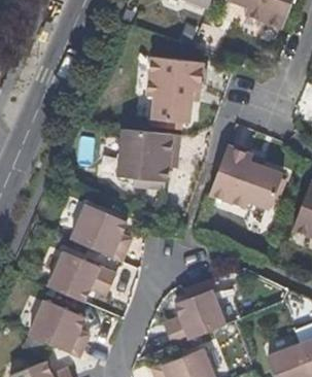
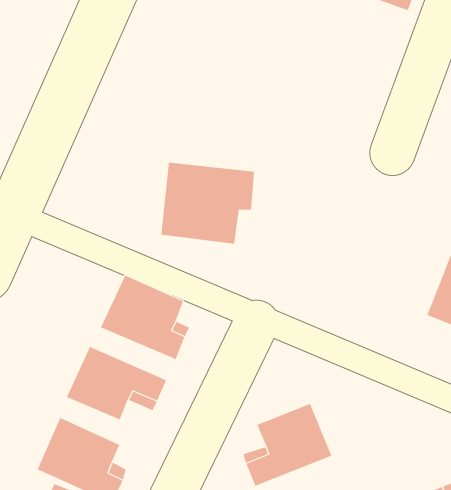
building: [145,57,200,124] -> none
building: [208,146,280,210] -> none

